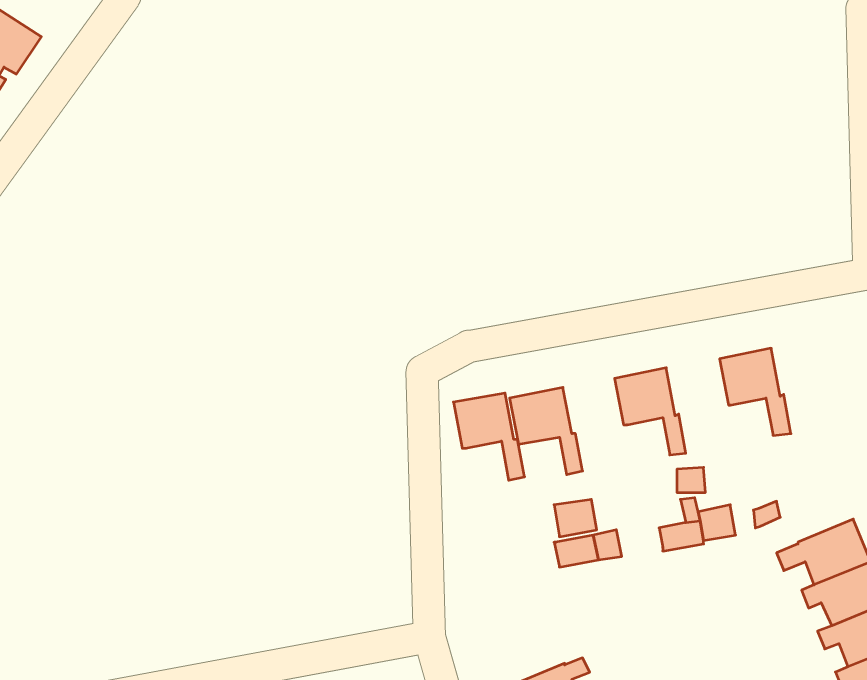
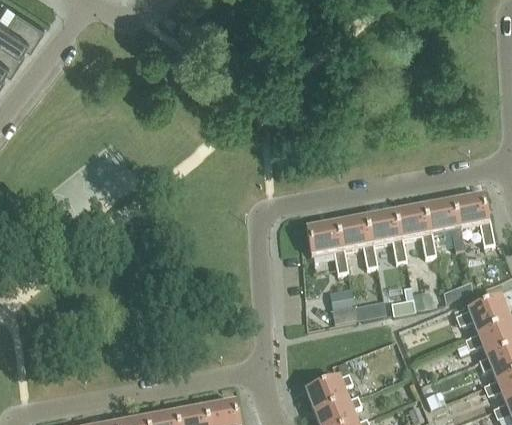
building: none -> [453,194,493,243]
building: none -> [394,205,434,254]
building: [453,393,525,480] -> [336,216,376,265]

